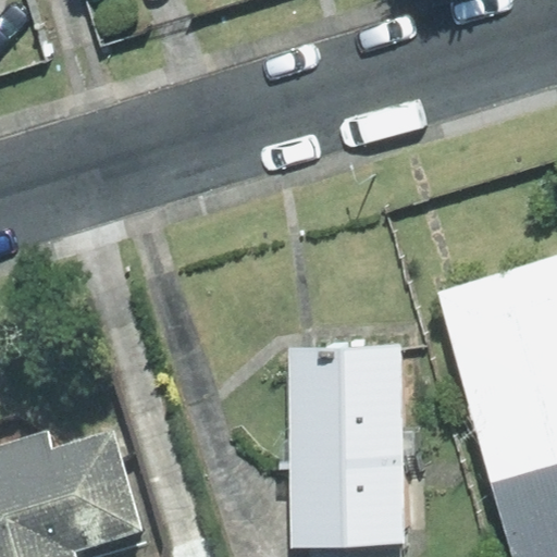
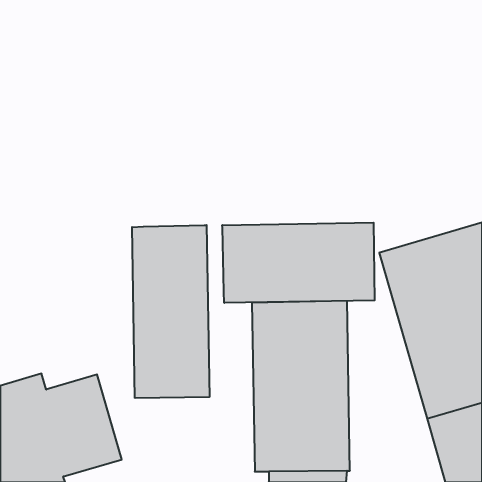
building: none -> [222,223,375,303]
building: none -> [132,225,209,398]

